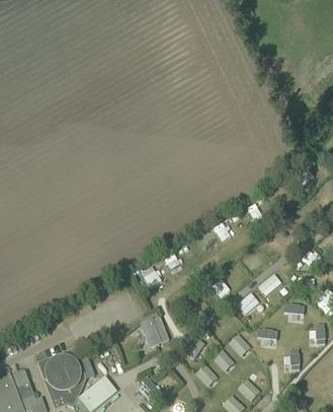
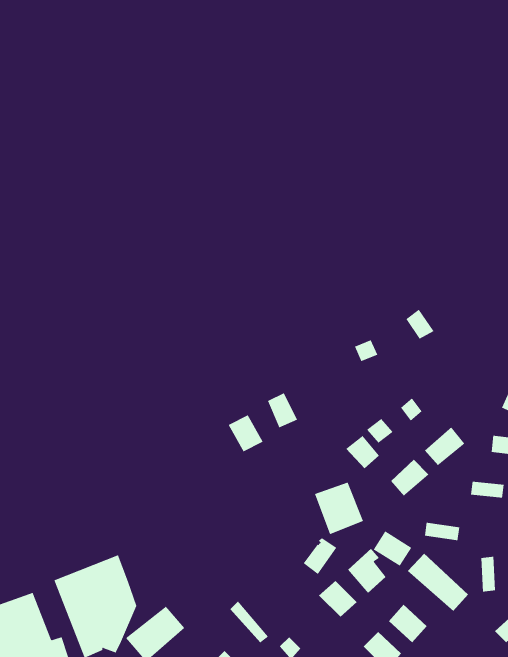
building: [141,317,170,348] -> [314,482,364,535]
building: none -> [407,553,469,612]

